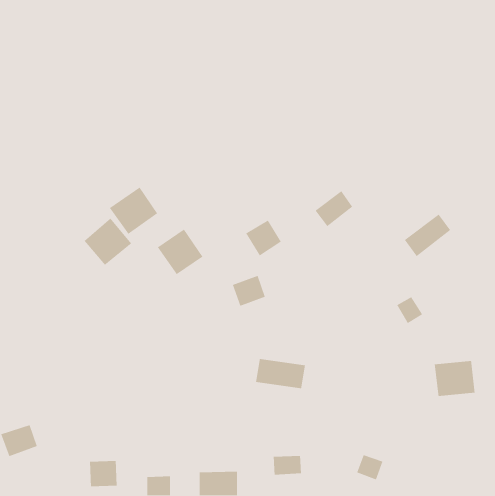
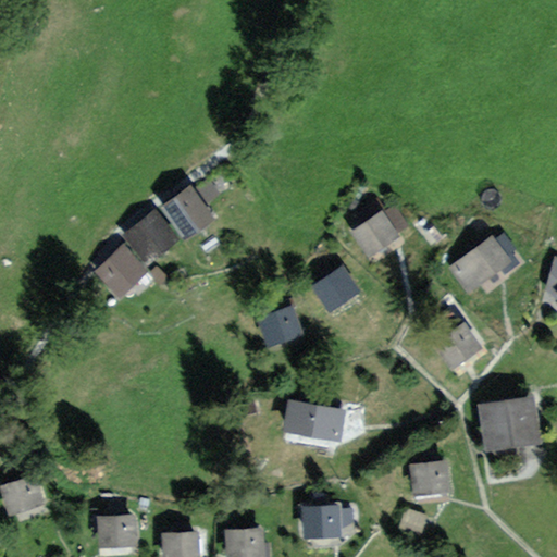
building: [245,220,282,256] -> [314,268,356,309]
building: [157,229,204,275] -> [161,185,213,237]
building: none -> [412,465,447,496]

